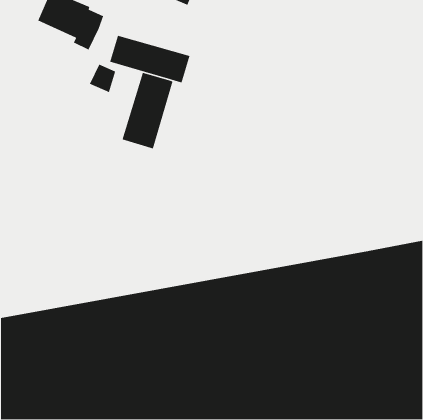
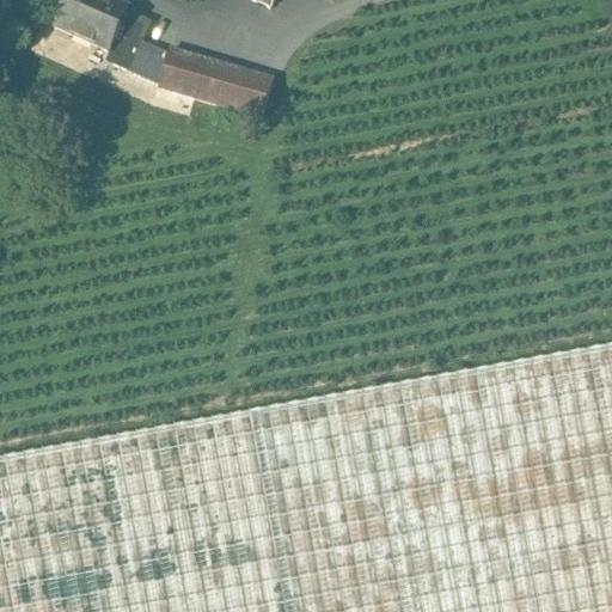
building: [89,64,116,93] -> [129,42,169,85]
building: [121,72,174,149] -> none

